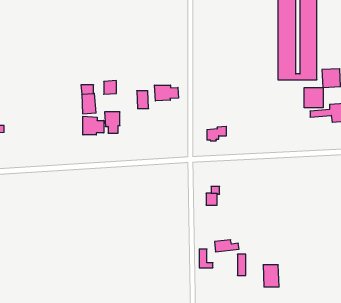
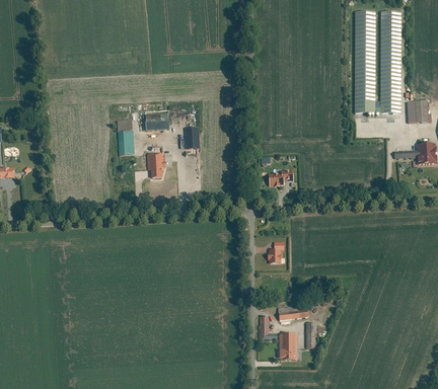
building: [155,85,178,101] -> none
building: [304,88,323,108] -> none
building: [83,116,104,135] -> none
building: [263,265,279,287] -> [278,333,297,360]

